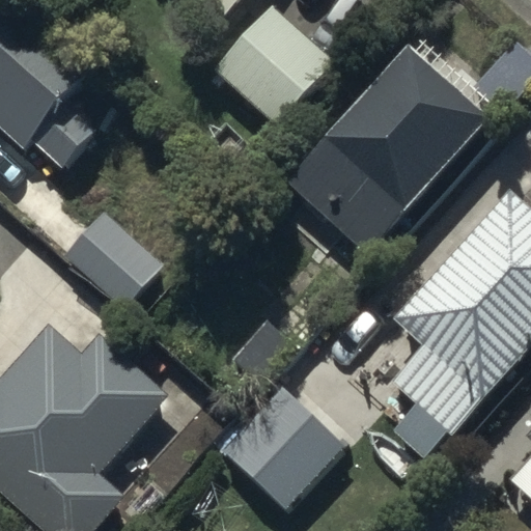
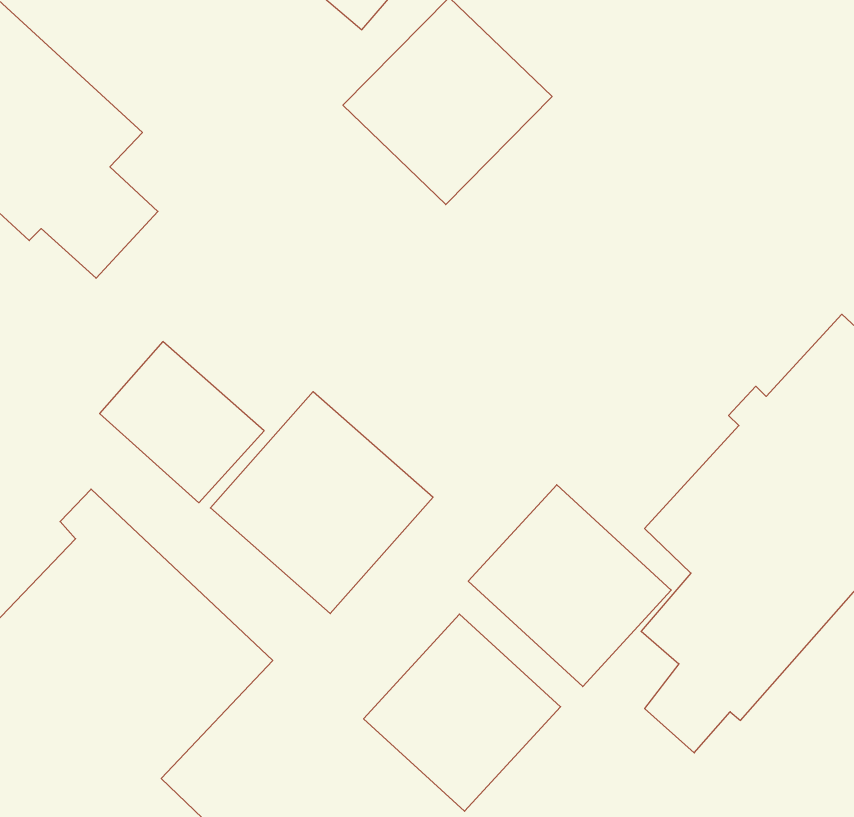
building: [287,50,490,258] -> none
building: none -> [210,392,433,614]
building: none -> [468,485,671,687]

